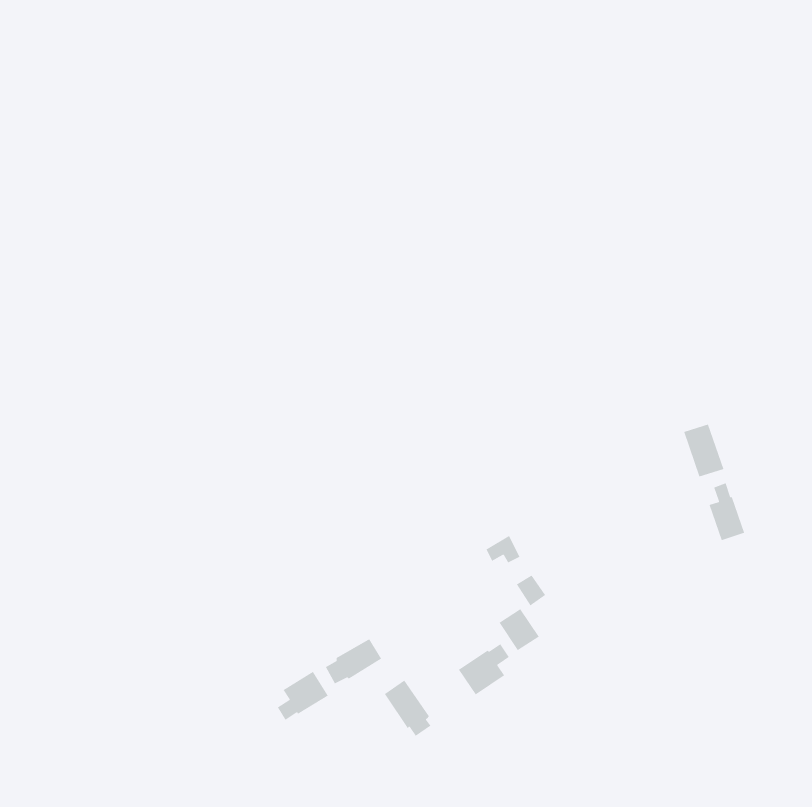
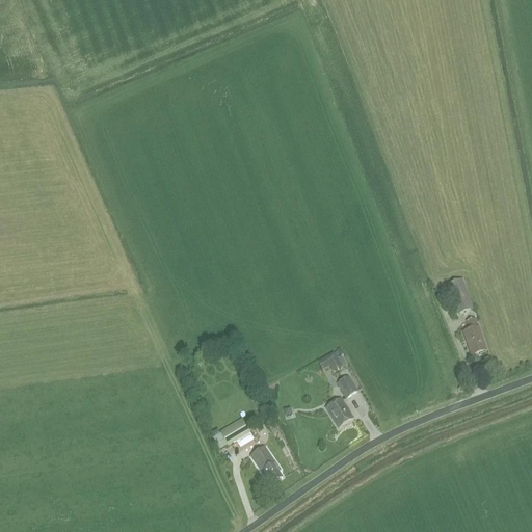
building: [458,643,510,695] -> none
building: [277,671,329,721] -> none

